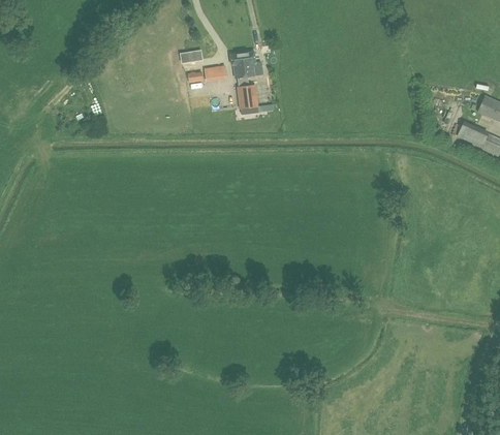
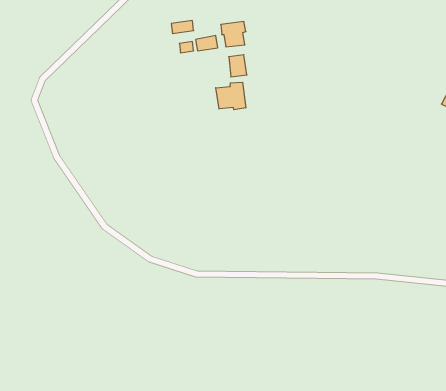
building: none -> [216,82,246,110]

